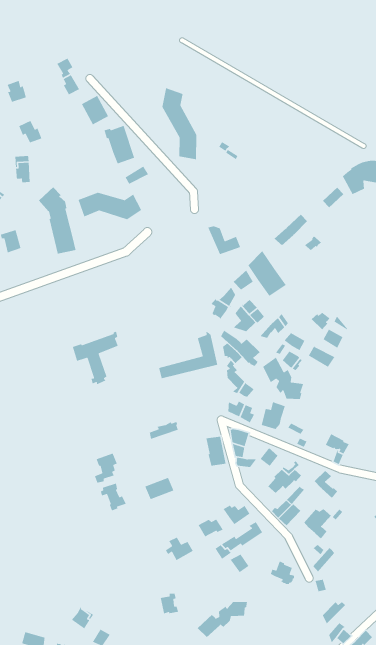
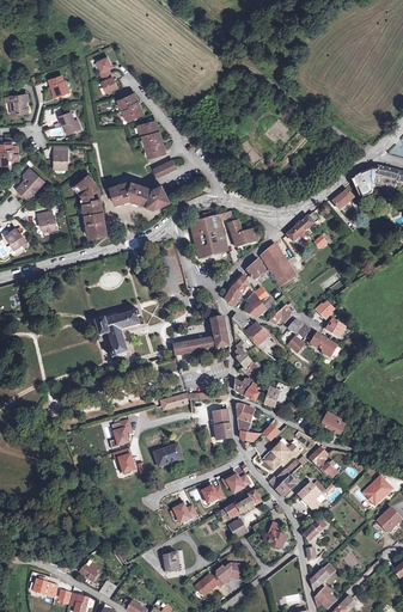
building: [161,87,197,160] -> none
building: none -> [190,213,226,256]
building: [262,356,304,400] -> none

